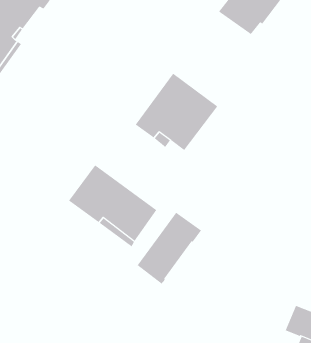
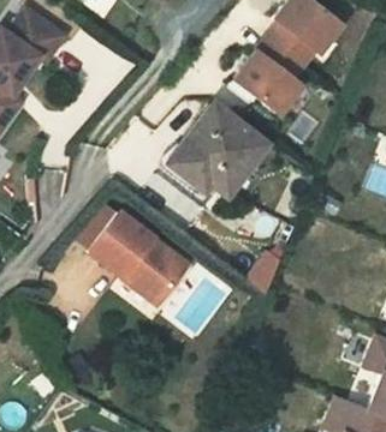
building: none -> [226,44,296,121]
building: [137,212,202,284] -> none

